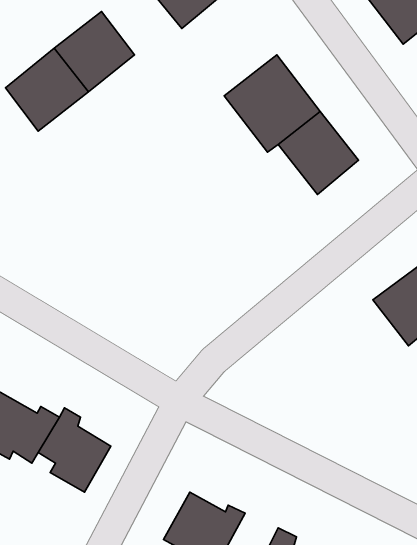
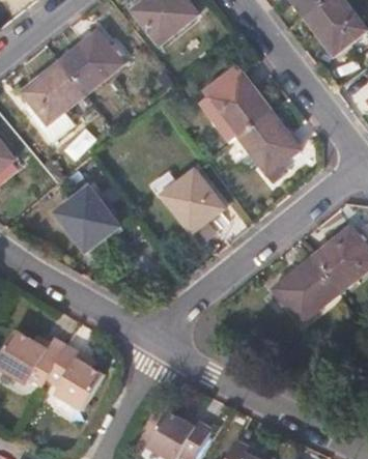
building: none -> [169,175,232,239]
building: none -> [57,187,120,252]
building: none -> [273,258,339,324]

